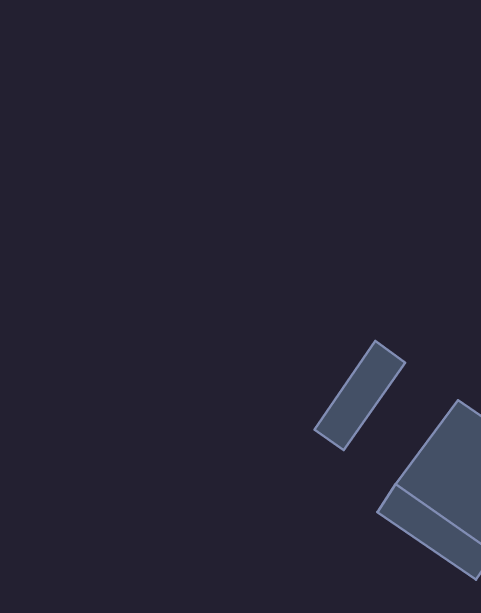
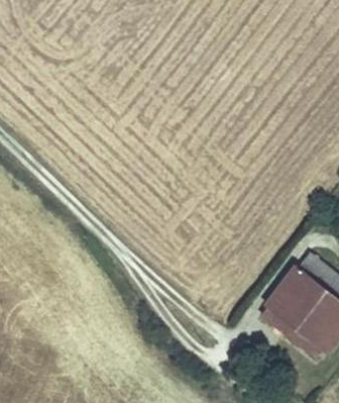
building: [315,341,405,450] -> none

